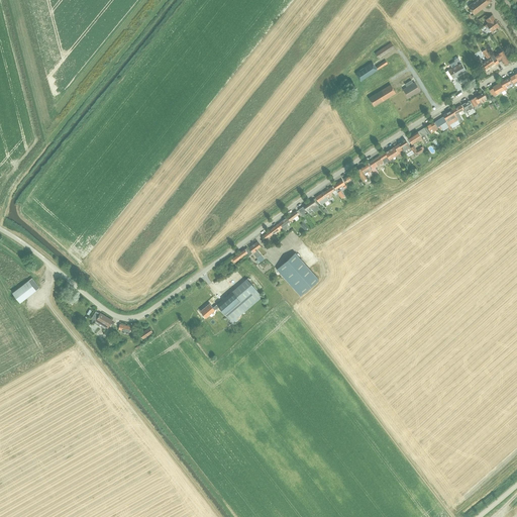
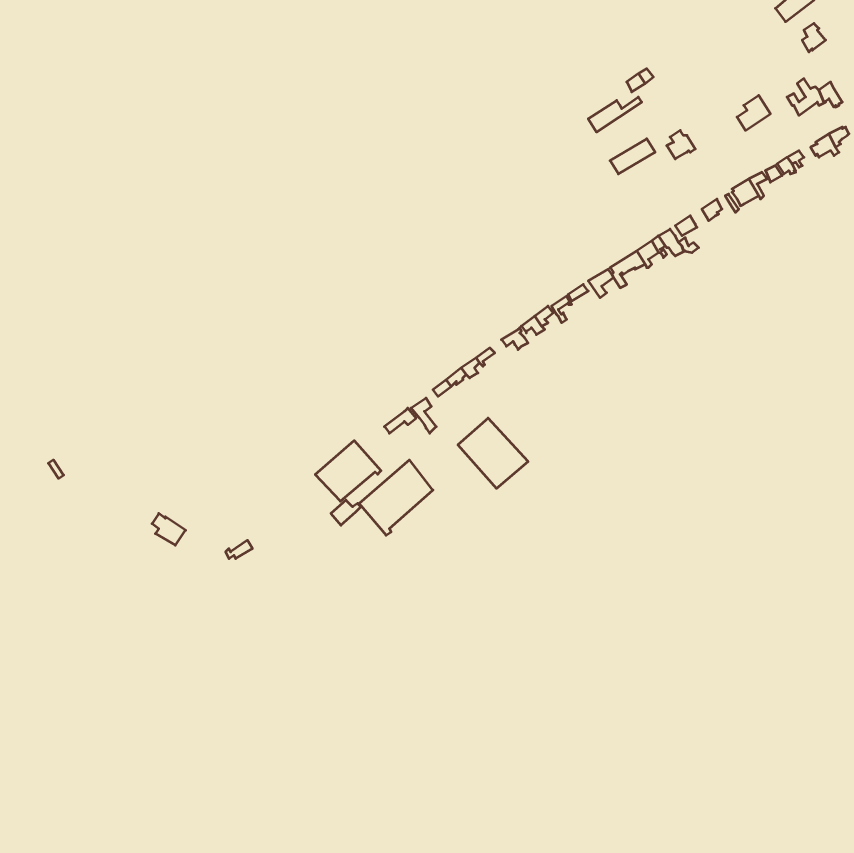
building: none -> [315,441,381,501]

